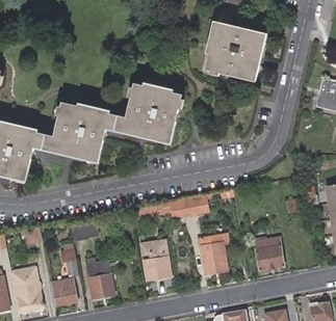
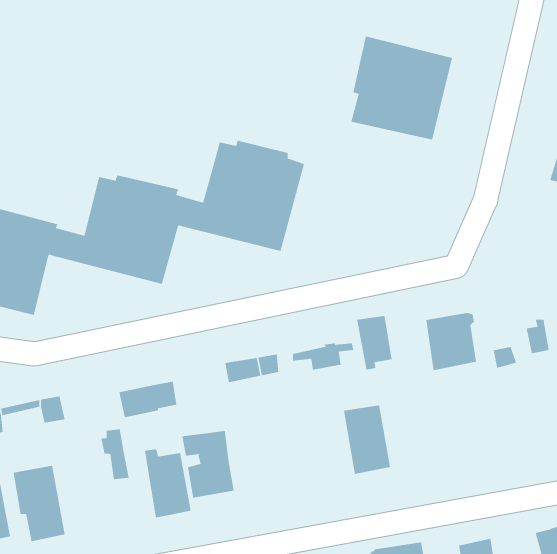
building: none -> [357,315,392,370]
building: [255,237,284,270] -> [426,312,477,371]
building: [140,241,171,279] -> [182,431,235,498]
building: [54,279,77,305] -> none

